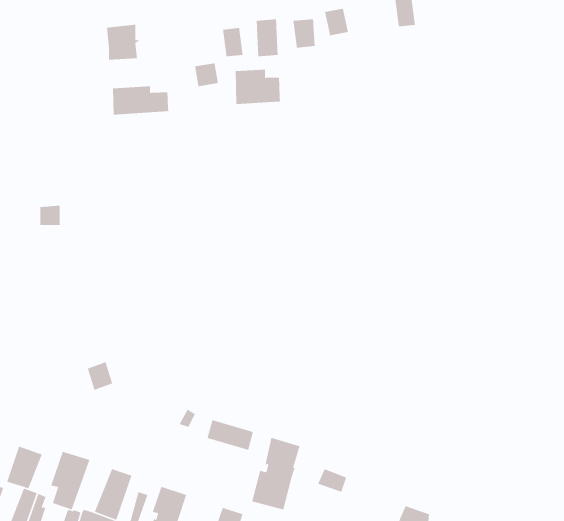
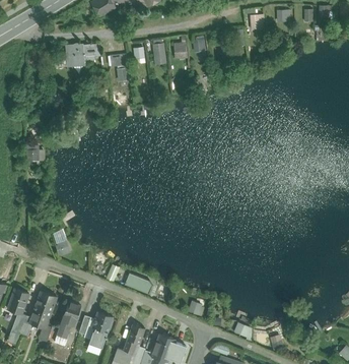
building: [235,69,281,105] -> none
building: [112,85,169,116] -> none
building: [251,437,300,510] -> none

